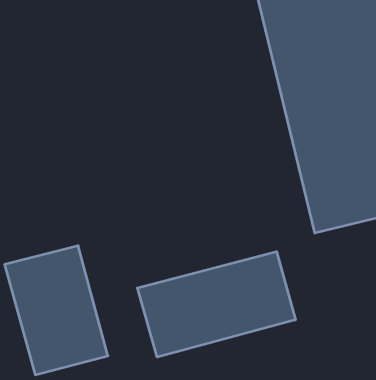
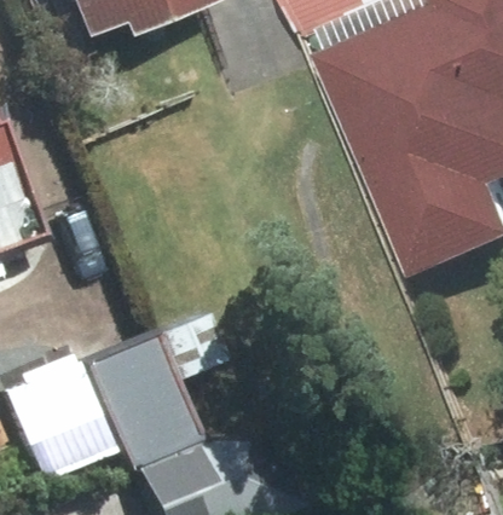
building: [137,252,295,357] -> none

